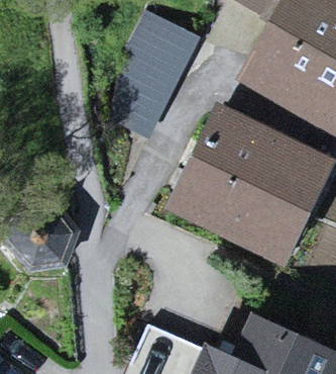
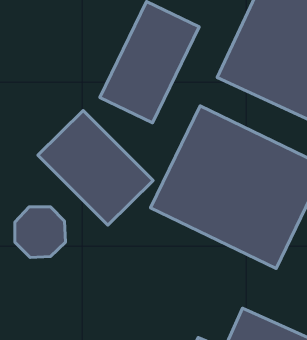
building: none -> [38,110,153,225]

